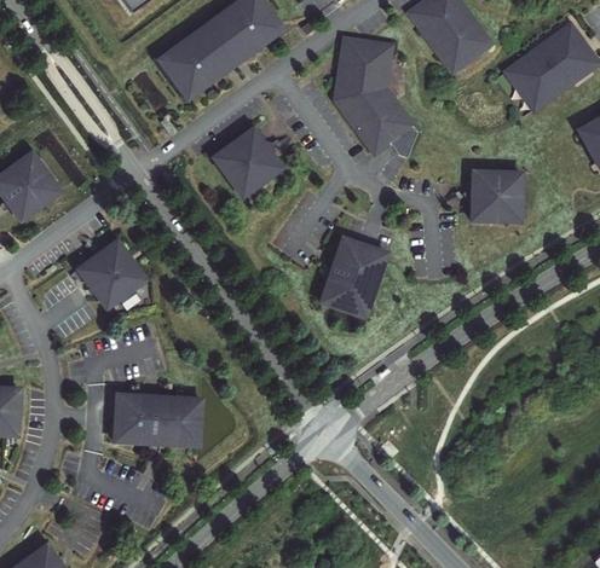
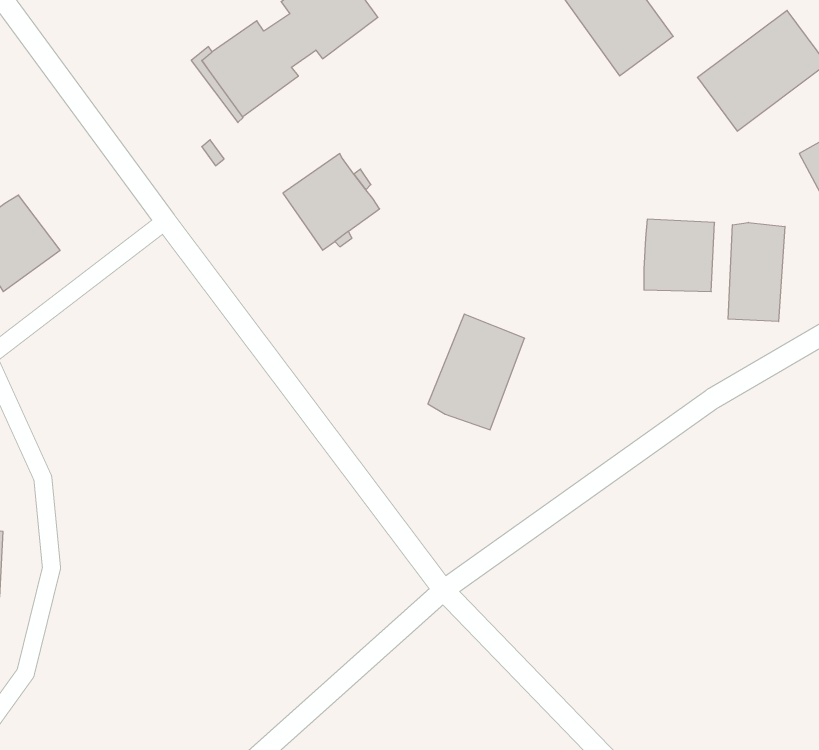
building: [336,37,417,158] -> none
building: none -> [728,222,785,322]
building: [77,240,145,311] -> none
building: [114,395,203,446] -> none

